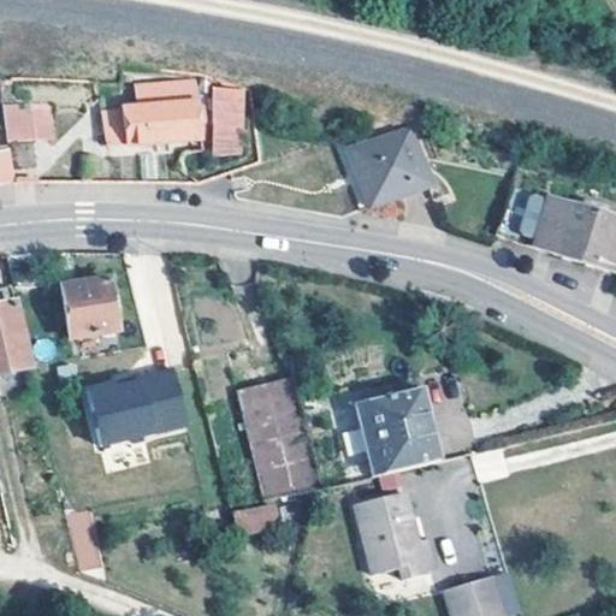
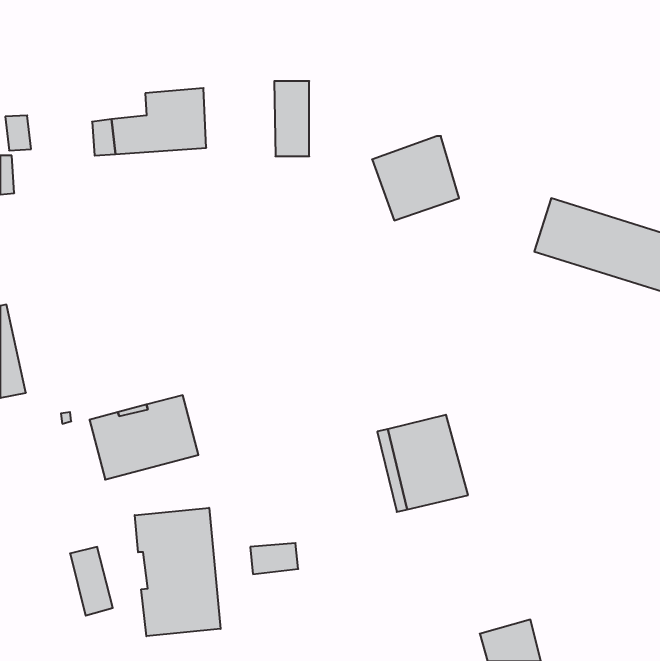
building: [214,84,247,154] -> [274,81,309,156]
building: [60,277,117,336] -> none
building: [237,375,322,498] -> none
building: none -> [135,508,221,636]
building: [355,491,437,578] -> none

